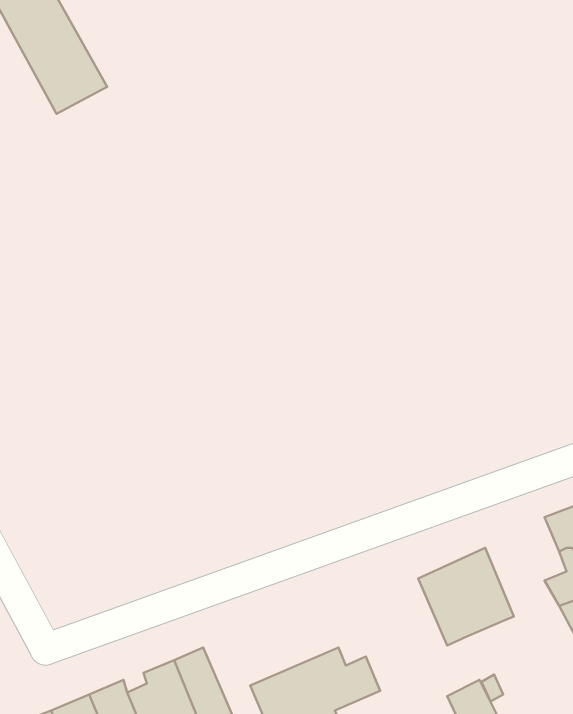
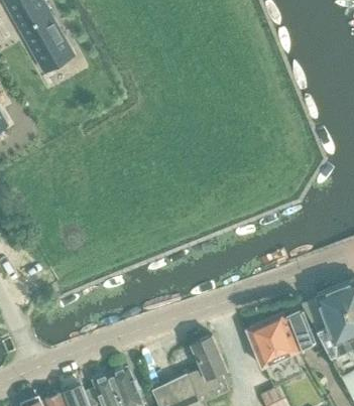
building: none -> [285,312,316,351]
building: none -> [191,335,226,378]

